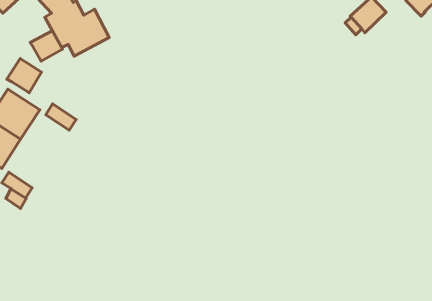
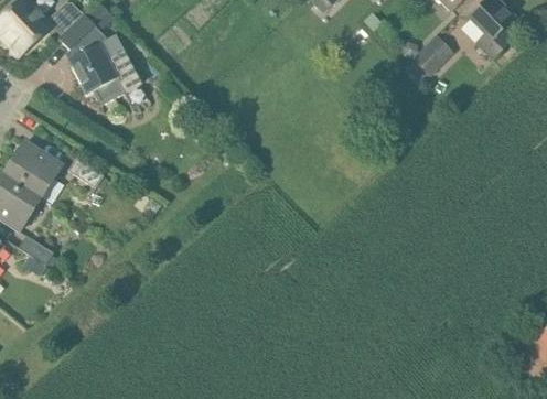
building: [30,31,62,61] -> none
building: [7,58,42,93] -> none

